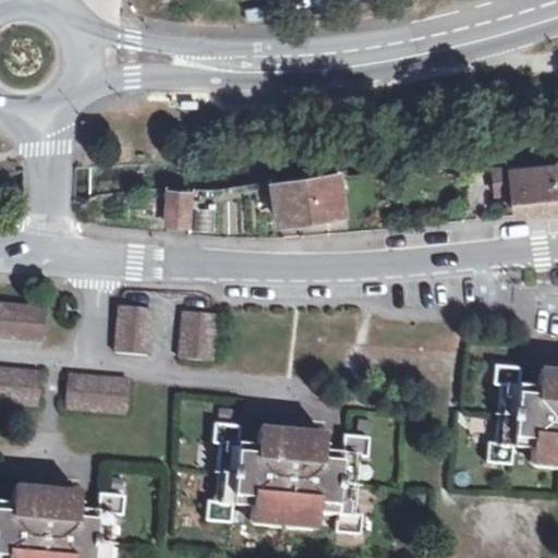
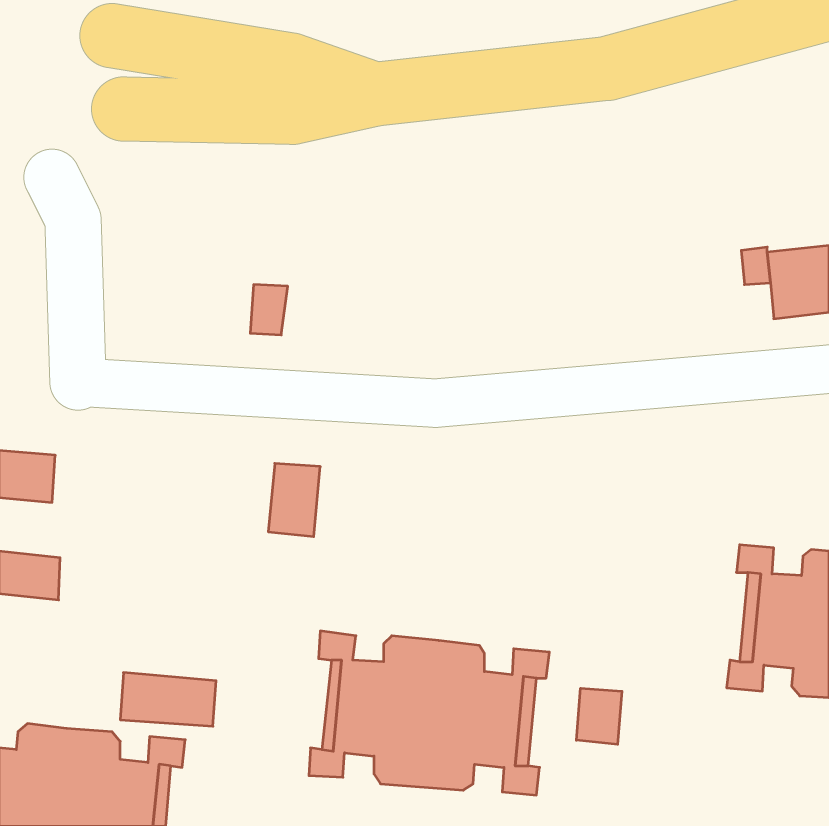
building: [276,171,348,219] -> none
building: [117,305,150,354] -> none
building: [65,375,130,411] -> [120,673,216,726]
building: none -> [576,688,622,744]

